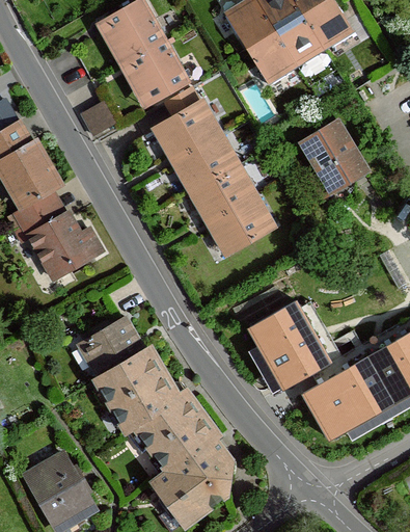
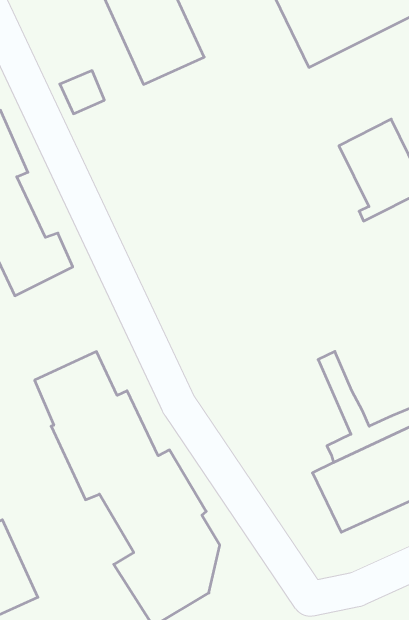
building: [151,100,273,256] -> none
building: [245,303,326,390] -> none

